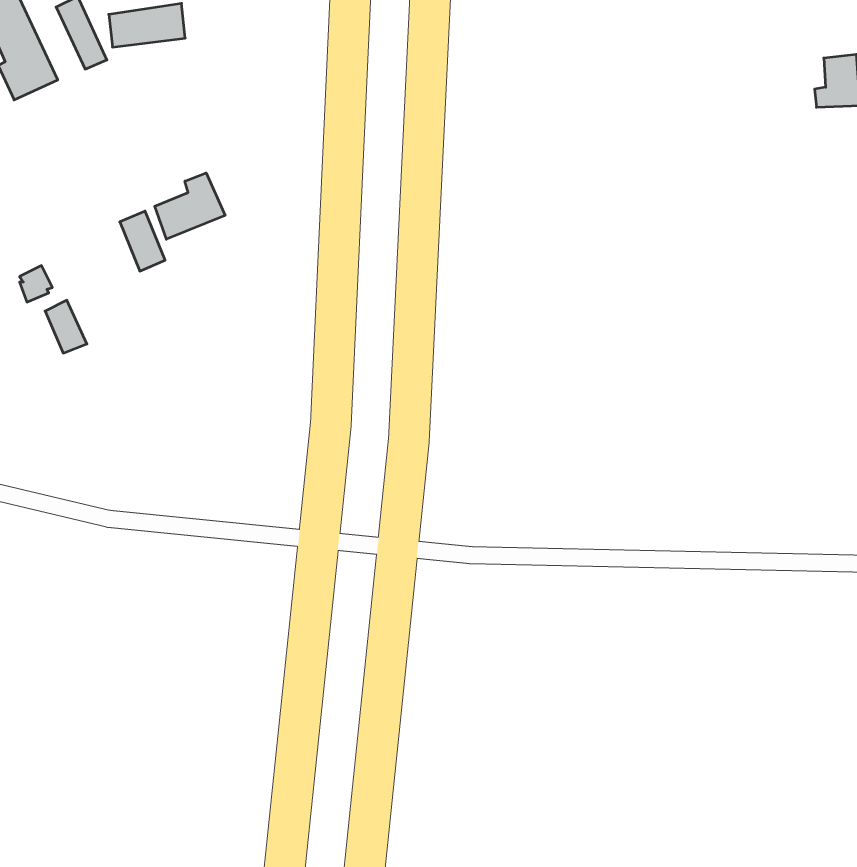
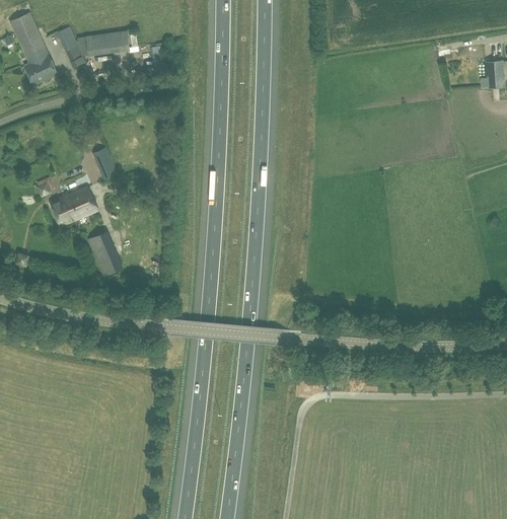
building: [155,173,225,239] -> none
building: none -> [63,186,97,220]
building: none -> [86,230,125,276]

